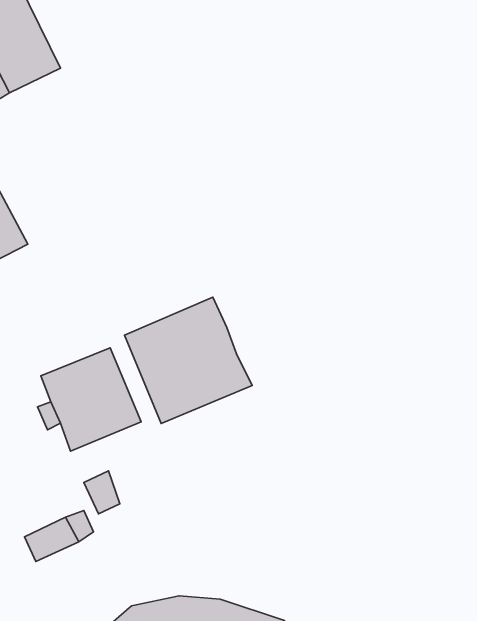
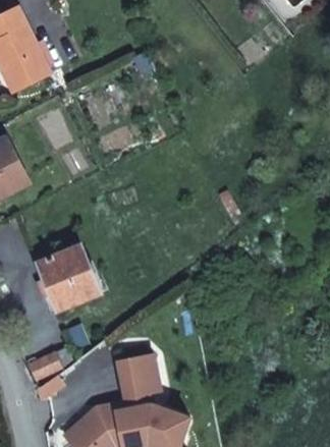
building: [125,297,252,423] -> none
building: none -> [116,352,160,402]

